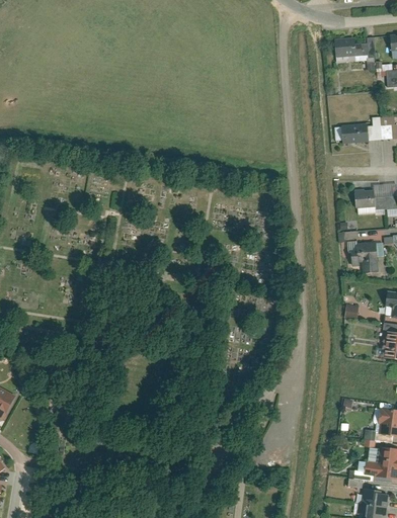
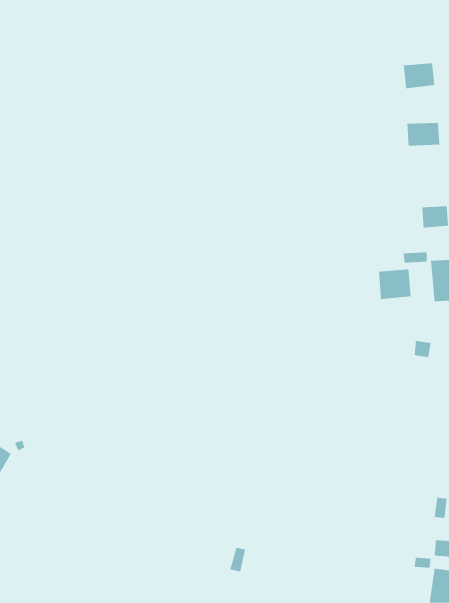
building: [332,37,359,59] -> [403,63,435,89]
building: none -> [378,268,411,300]

